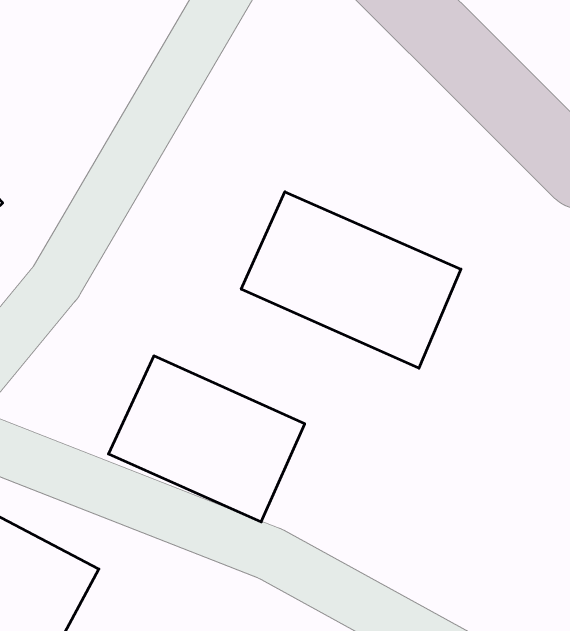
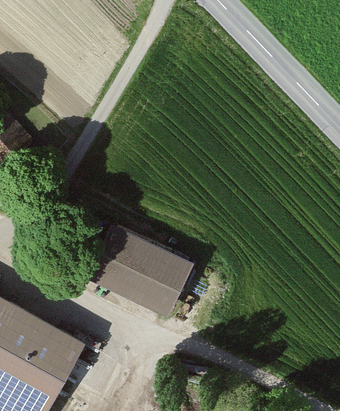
building: [241,192,461,368] -> none

